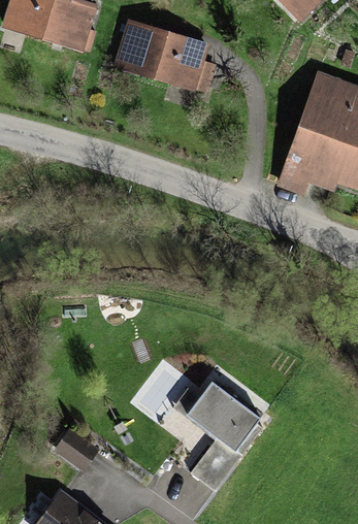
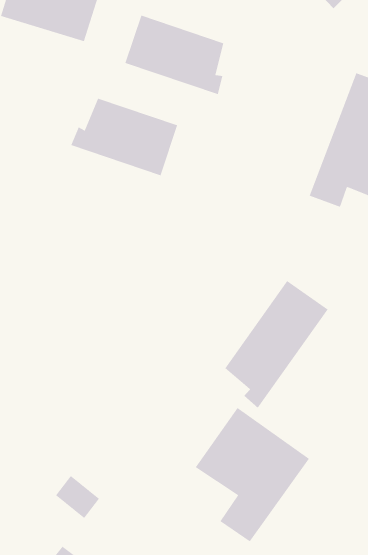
building: none -> [71,98,178,176]
building: none -> [225,280,328,409]

